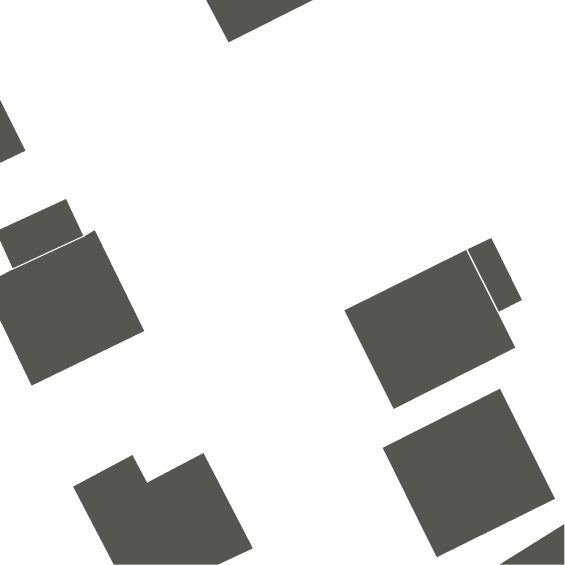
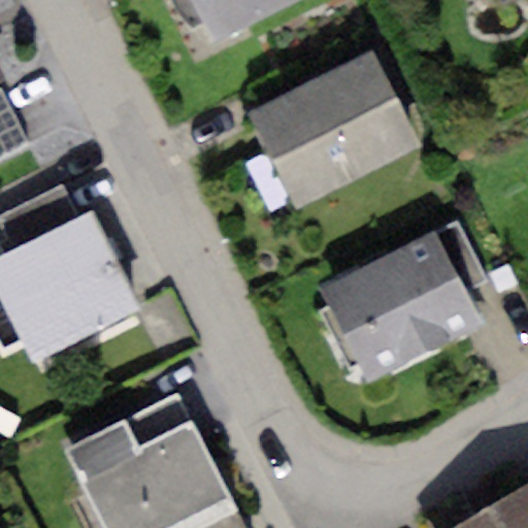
building: none -> [249,53,418,206]
building: [382,388,556,558] -> none

